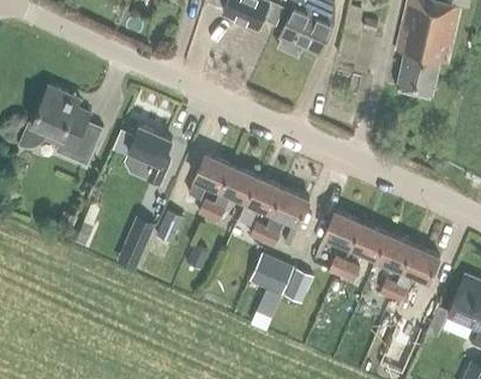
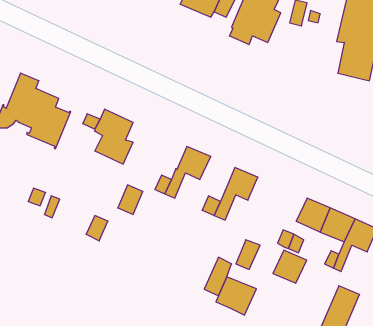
building: [187,155,230,199] -> none
building: [238,178,283,225] -> none
building: [325,212,362,248] -> [273,250,307,283]
building: [248,253,293,295] -> [216,277,256,315]

